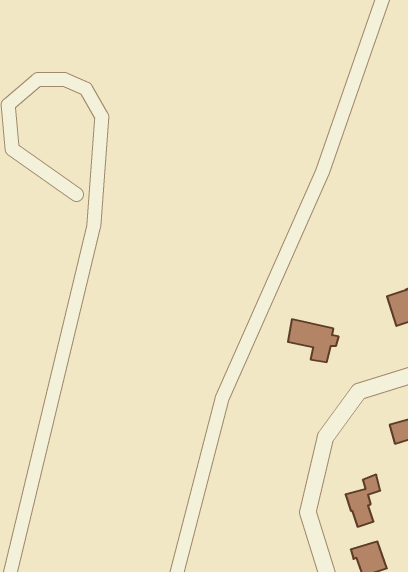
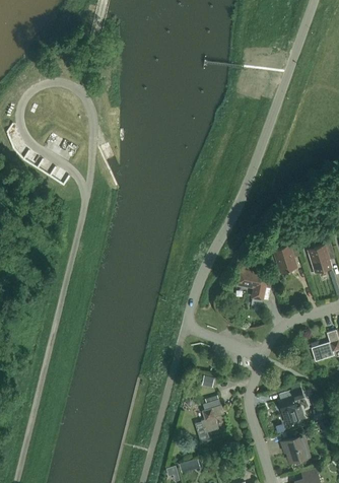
building: none -> [273,241,298,273]
building: none -> [201,400,224,433]

